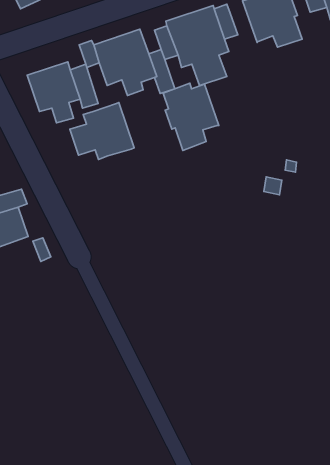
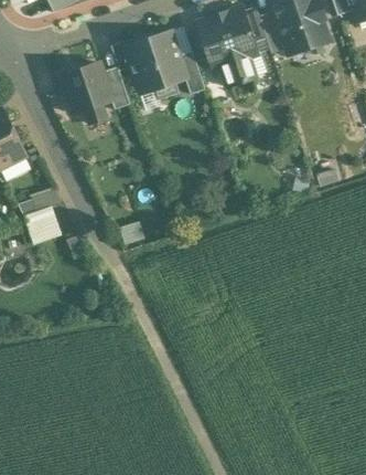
building: none -> [259,10,288,53]
building: [163,83,219,150] -> none
building: [70,103,134,160] -> none

